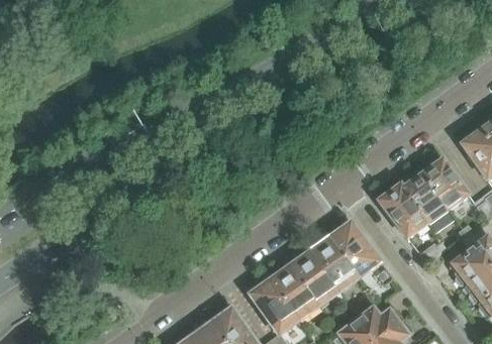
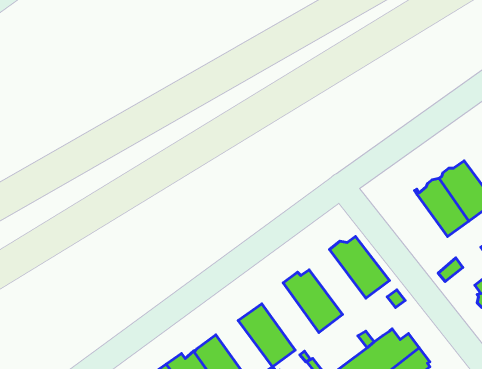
building: [378,184,428,238] -> none
building: [310,234,359,290] -> none
building: [270,262,318,320] -> none

